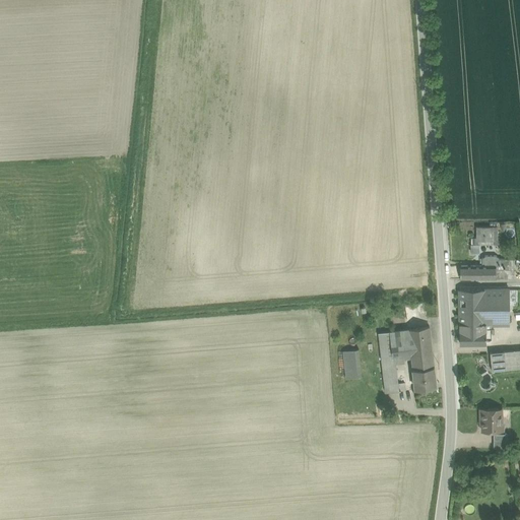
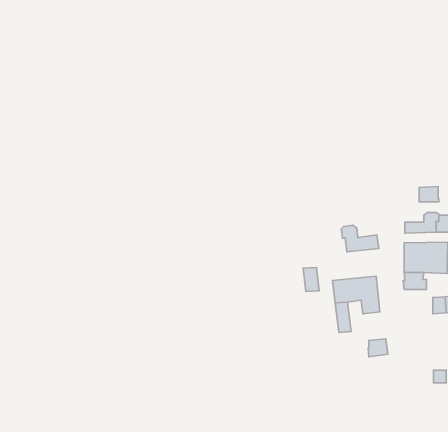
building: none -> [341,225,379,252]
building: [342,351,361,379] -> [303,267,319,292]
building: [412,369,435,389] -> [368,339,388,357]
building: [479,409,502,432] -> none

